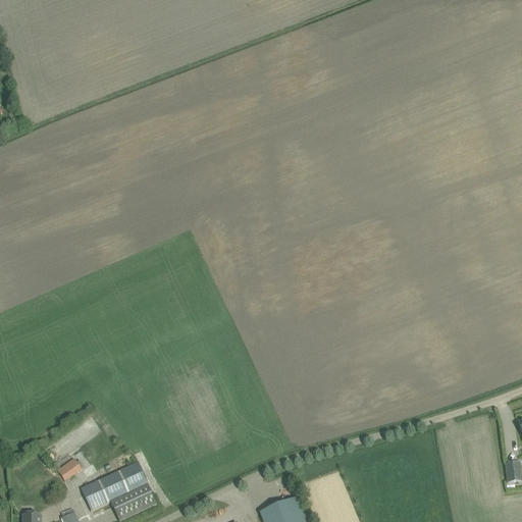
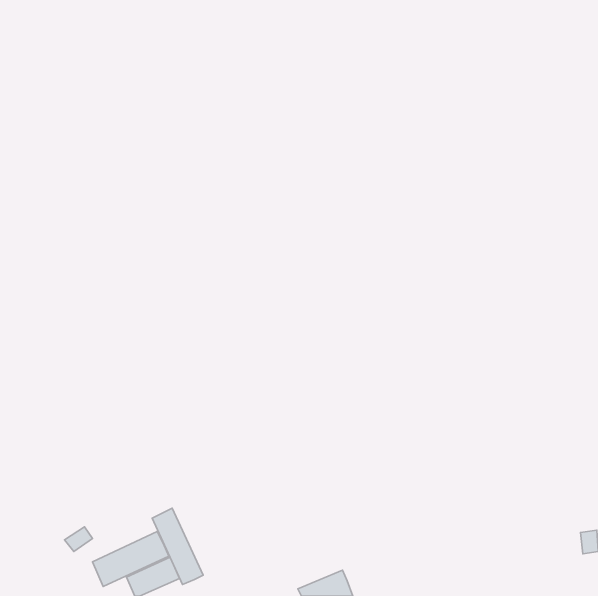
building: none -> [152,508,203,585]

